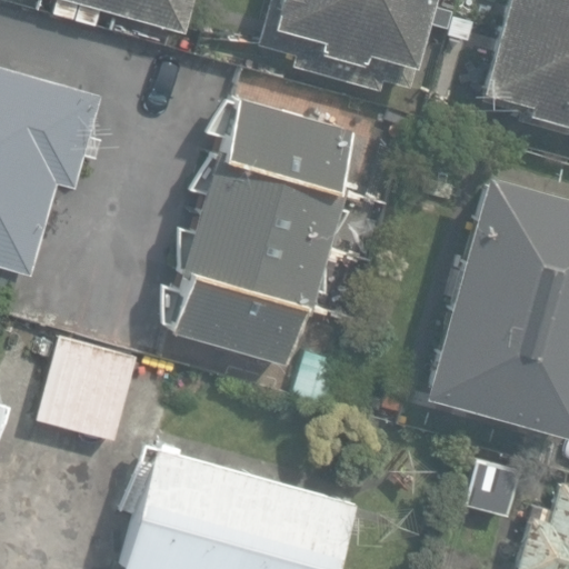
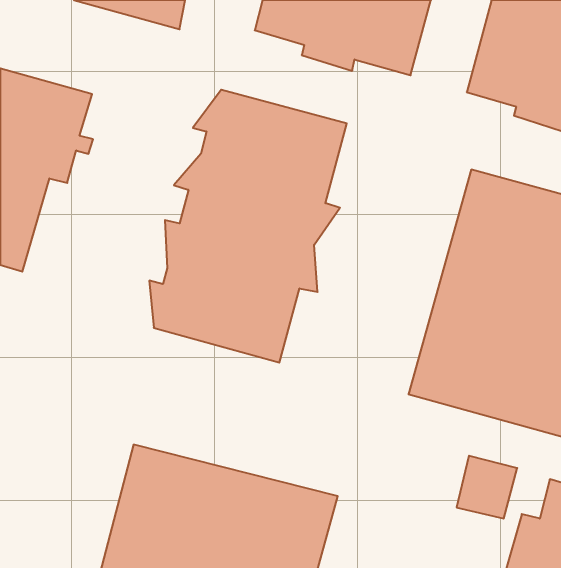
building: [36,335,142,445] -> none

